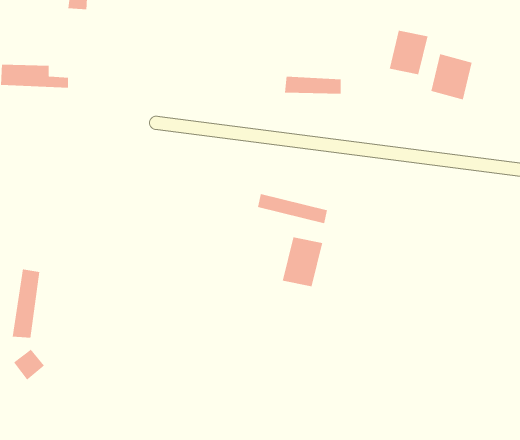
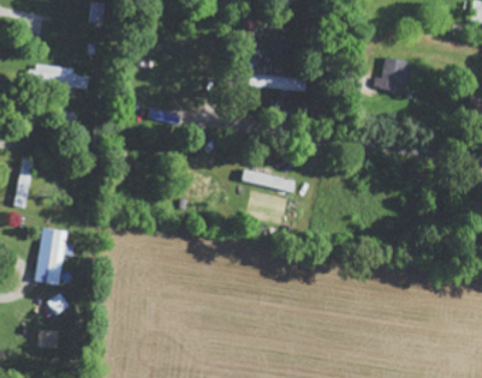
building: [389,30,428,75] -> none
building: [282,237,323,287] -> none

